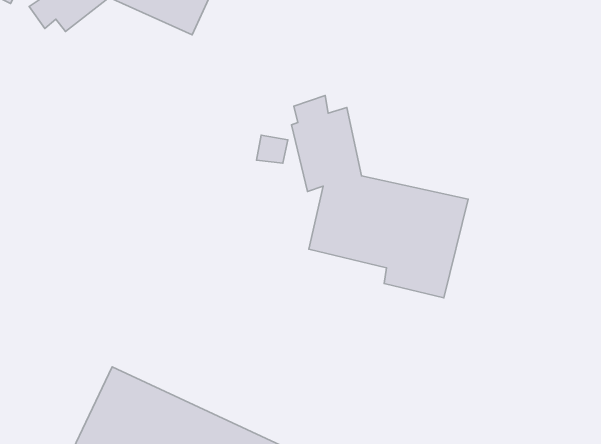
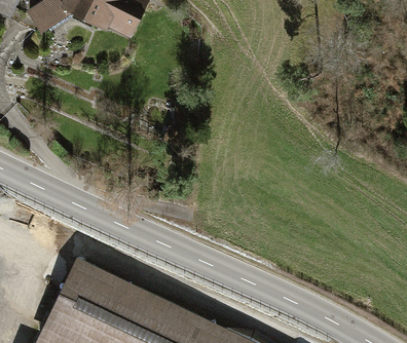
building: [291,95,468,298] -> none

